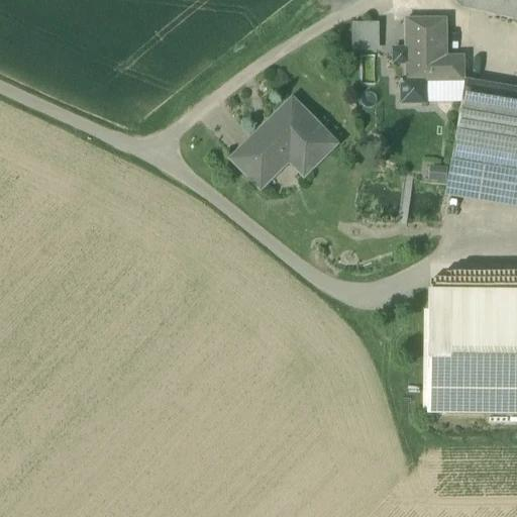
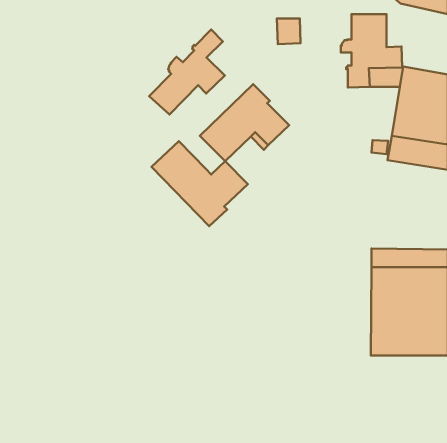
building: [352,19,380,48] -> [277,19,301,44]
building: none -> [149,30,225,114]
building: none -> [151,141,248,226]

